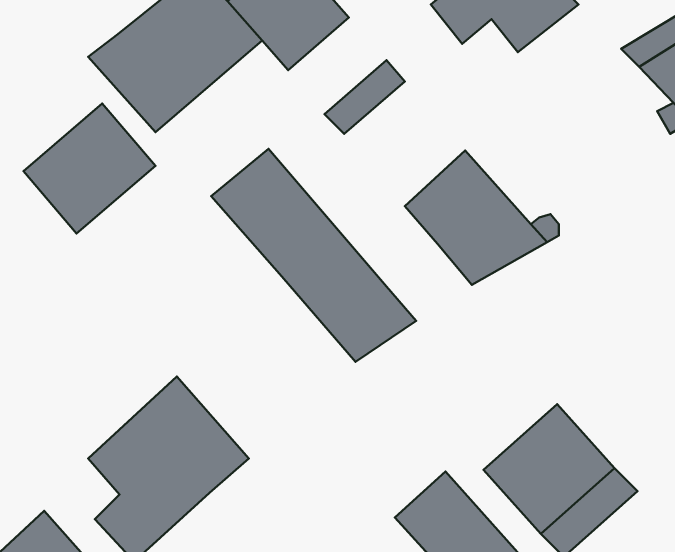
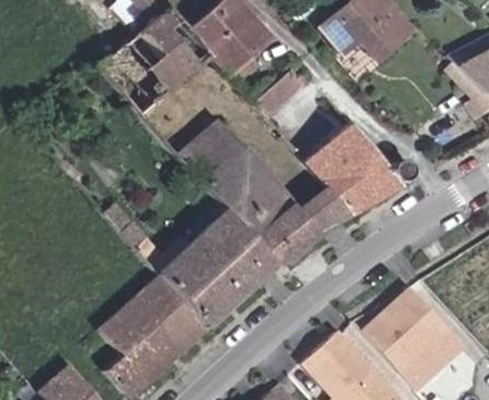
building: [23,103,155,234] -> none
building: none -> [297,186,353,237]
building: none -> [101,200,276,328]

